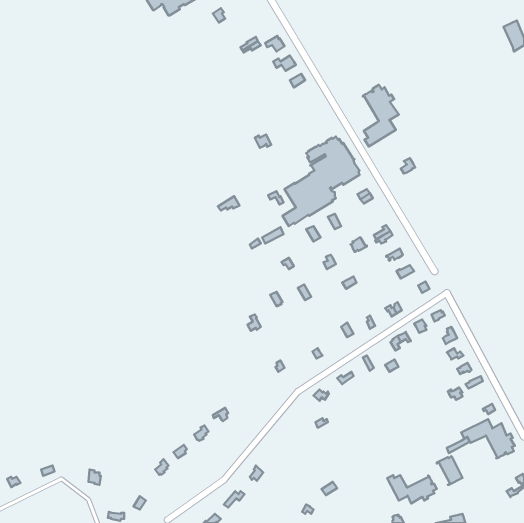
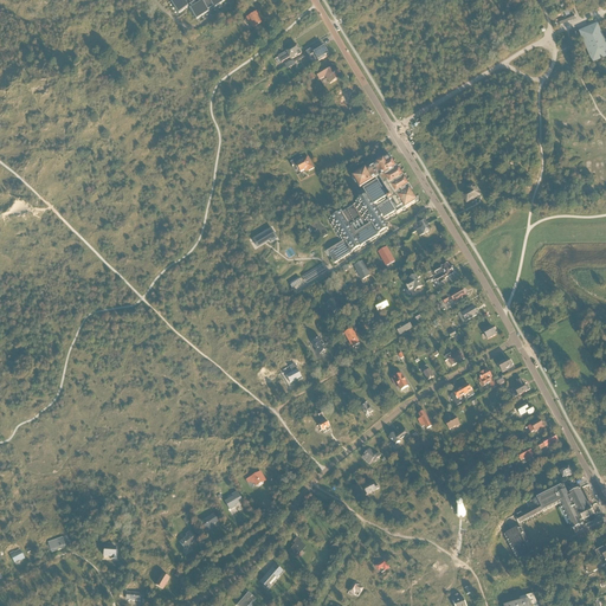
building: [363,85,399,146] -> none
building: [387,475,437,504] -> none

